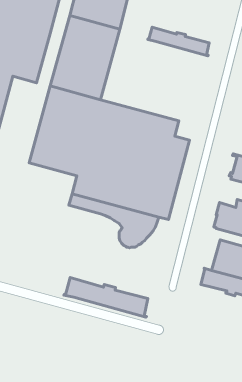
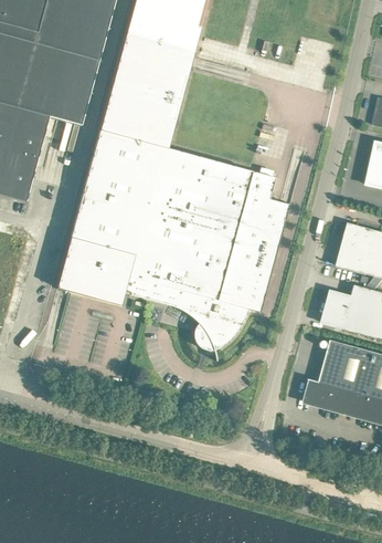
building: [148,27,209,56] -> none
building: none -> [56,234,136,305]
building: [64,278,148,317] -> none

